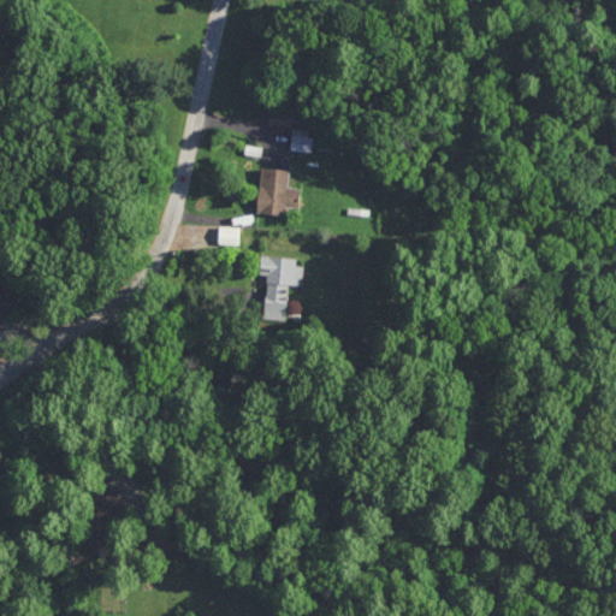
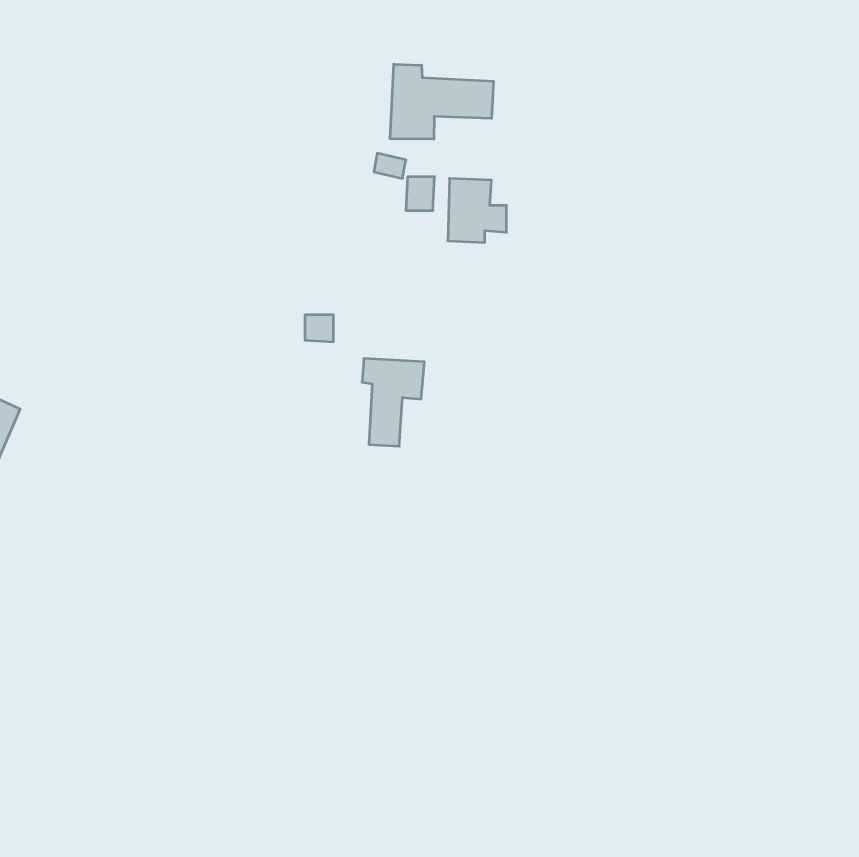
building: none -> [390,64,493,139]
building: [257,170,300,215] -> [448,178,507,242]

